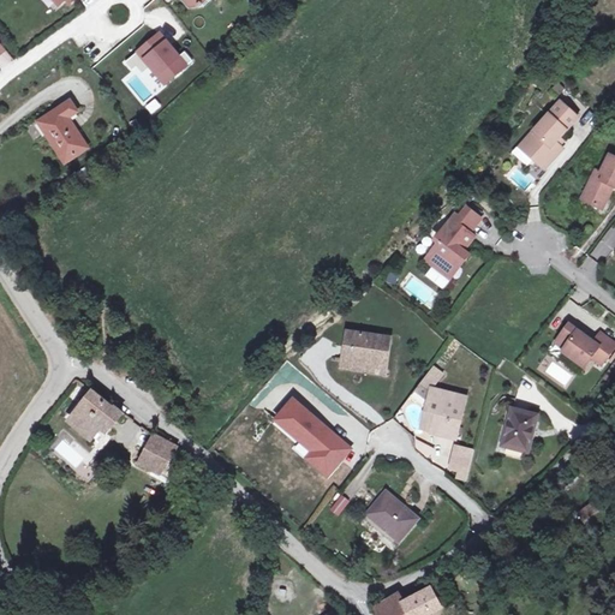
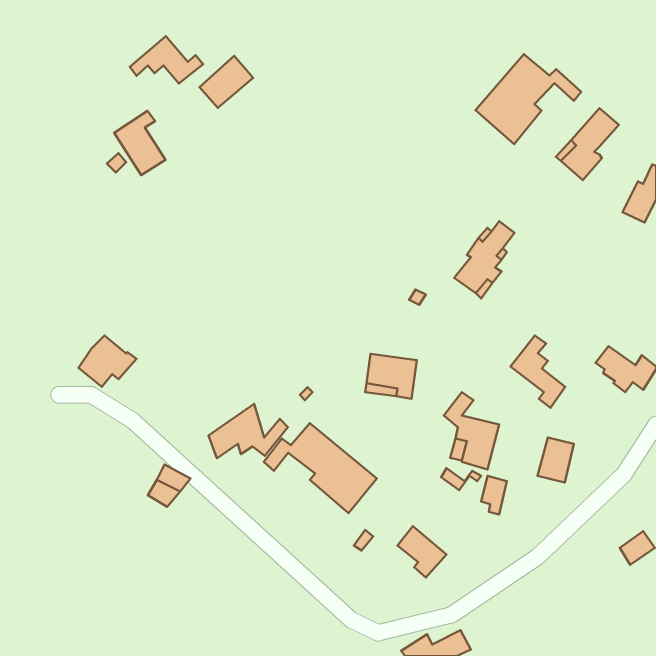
building: none -> [476,54,581,144]
building: none -> [200,56,253,108]
building: [38,101,86,161] -> [114,111,166,175]
building: none -> [511,336,565,408]
building: none -> [208,404,288,458]
building: [68,390,123,438] -> [79,336,136,387]

